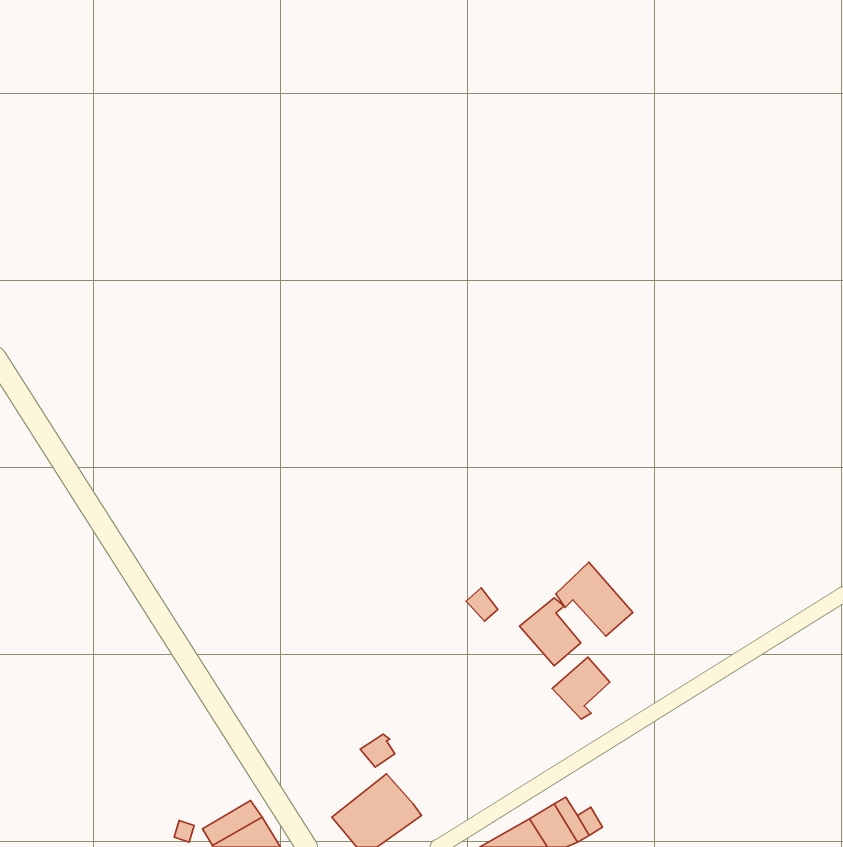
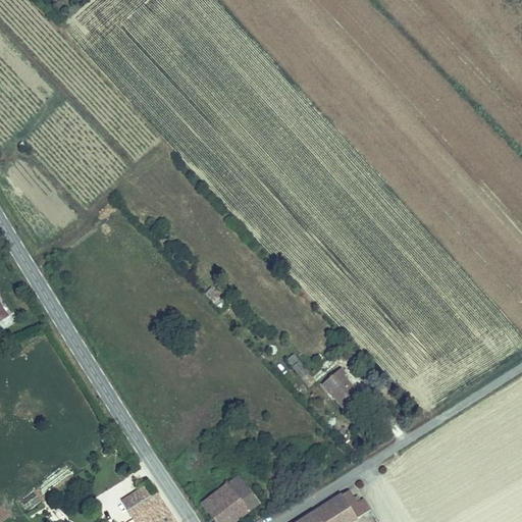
building: [556,562,633,636] -> none
building: [552,657,610,719] -> none

